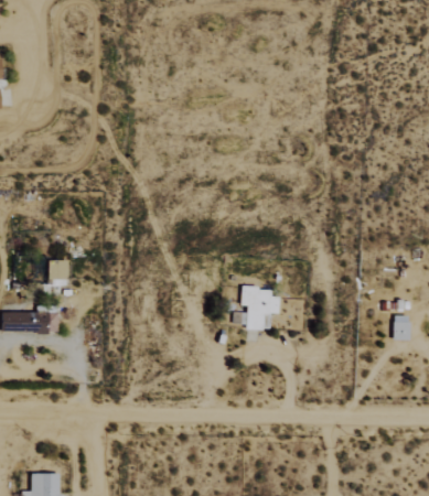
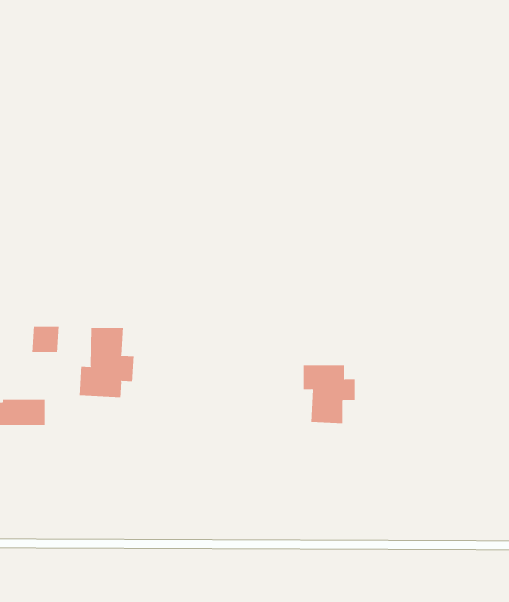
building: none -> [79,327,134,398]

